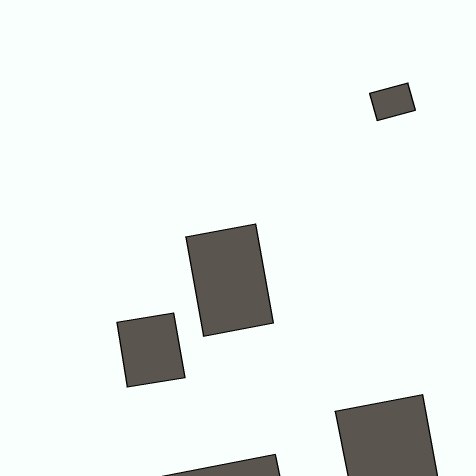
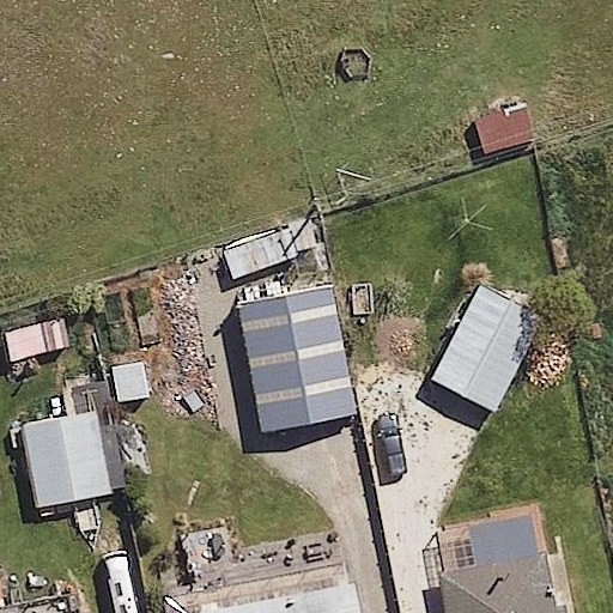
building: none -> [432,289,541,412]
building: [117,313,185,387] -> [23,412,110,506]

